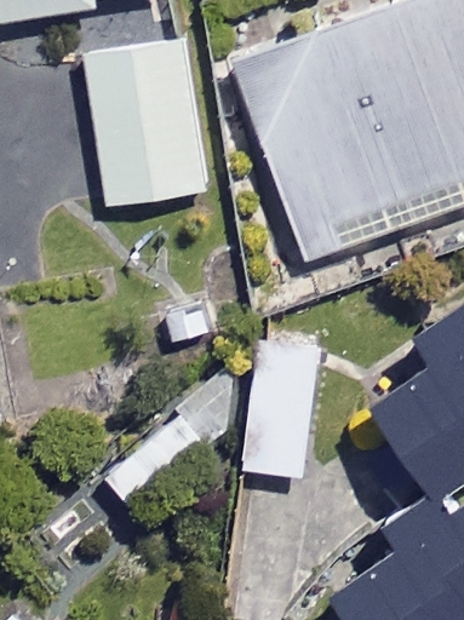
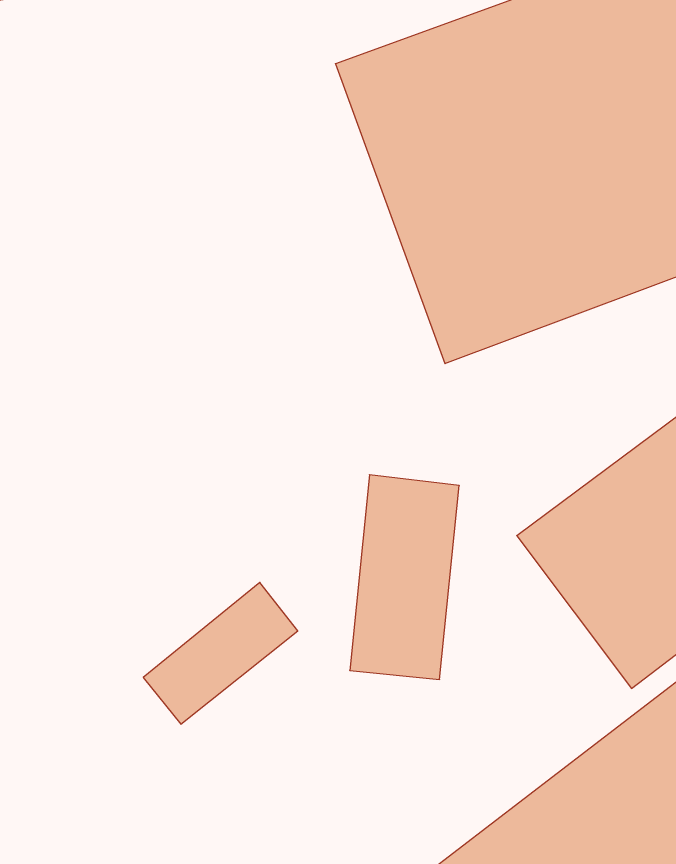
building: [85,41,202,206] -> none

